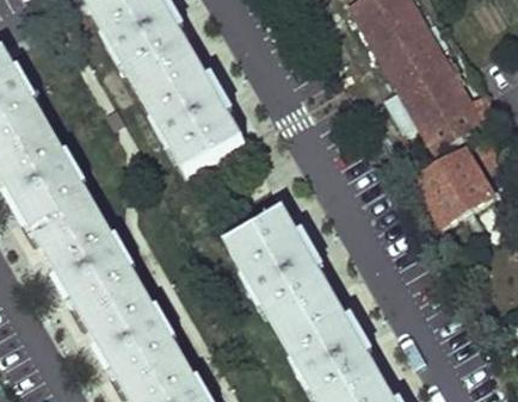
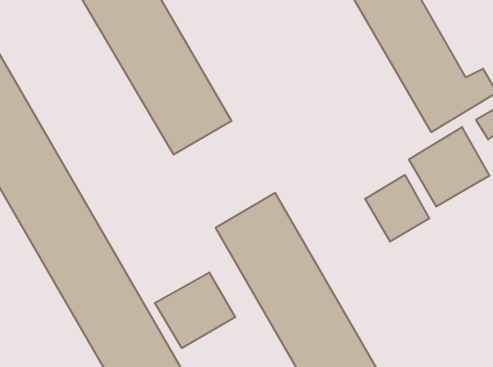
building: none -> [365,175,429,242]
building: none -> [155,272,235,348]

